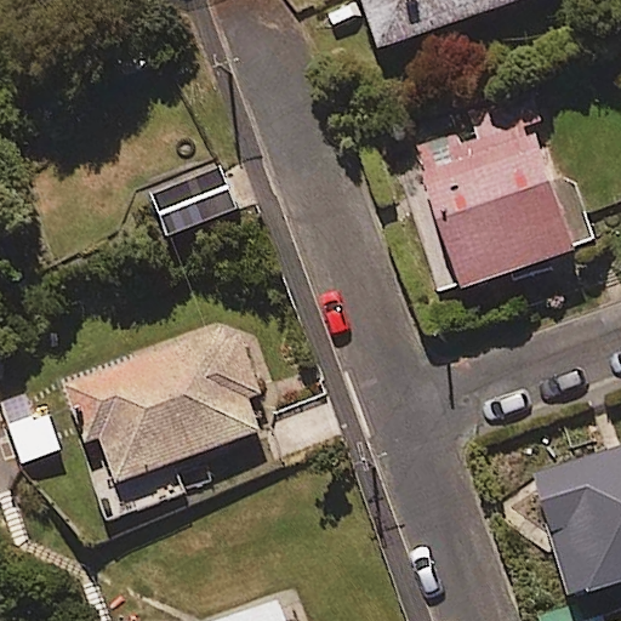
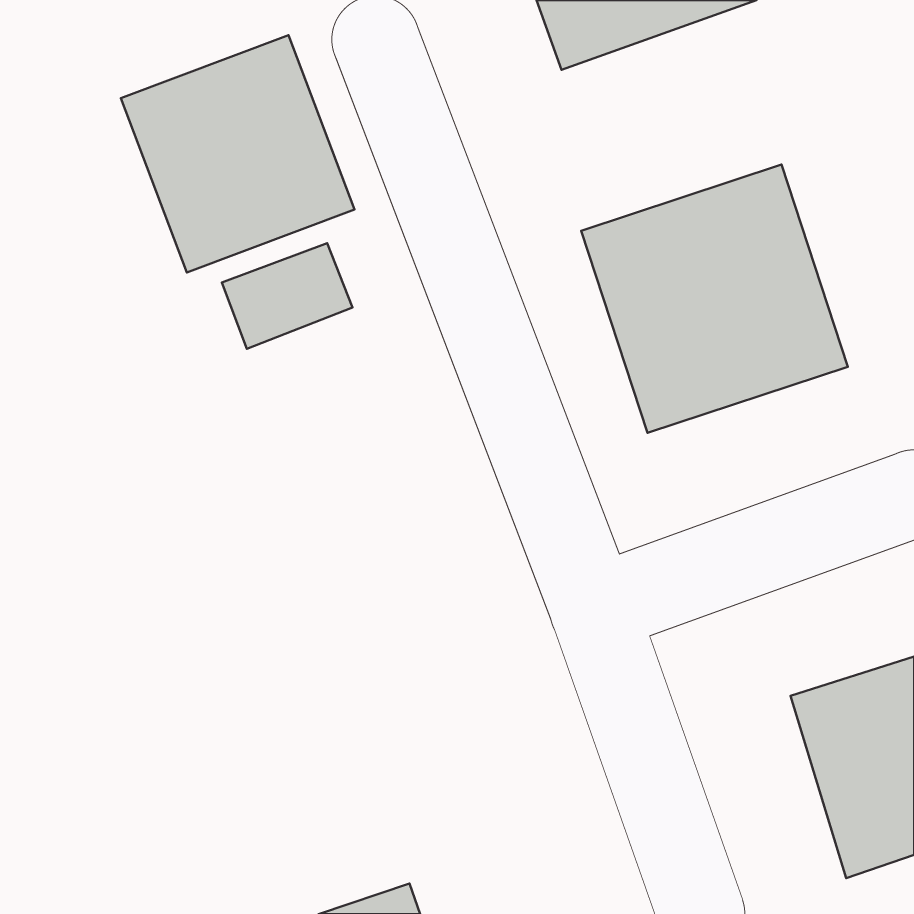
building: none -> [121,35,355,272]
building: [65,320,262,483] -> none

